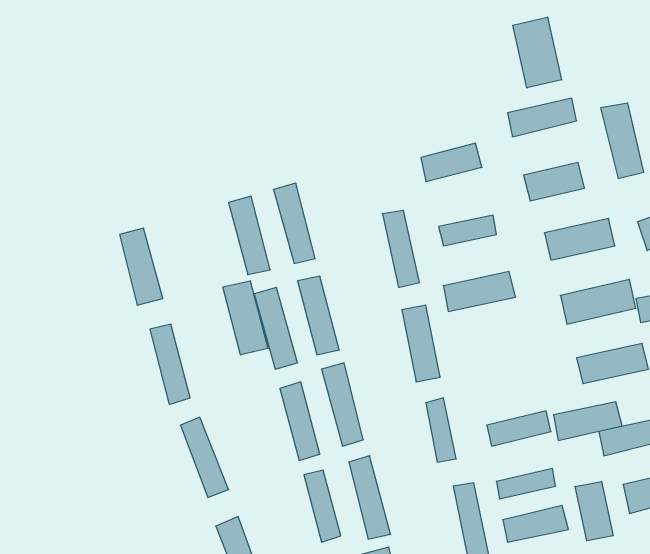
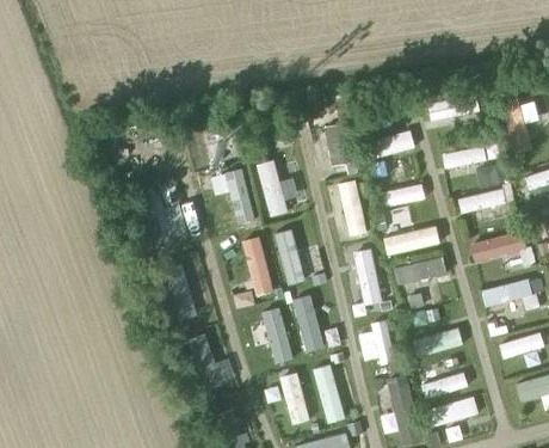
building: [513,17,562,88] -> none
building: none -> [325,119,356,164]
building: [223,281,268,355] -> none
building: [553,402,622,440] -> [395,257,446,286]
building: [575,481,613,541] -> none

